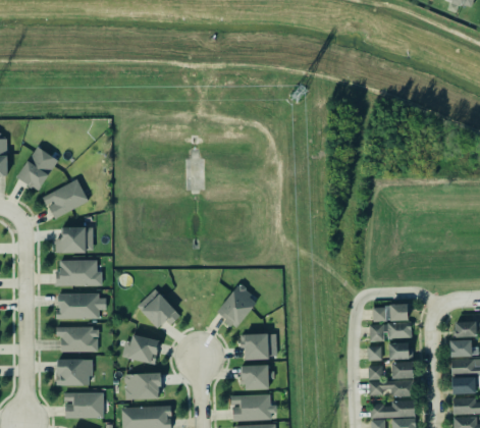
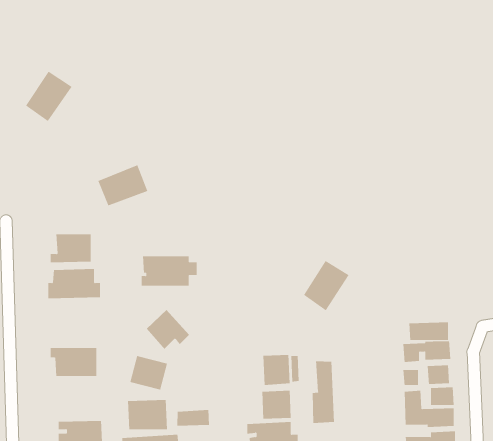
building: [17,147,59,192] -> [25,71,73,122]
building: [44,180,89,217] -> [97,165,148,206]
building: [218,284,259,329] -> [303,260,349,311]
building: [56,291,106,318] -> [141,256,198,286]
building: none -> [312,361,334,424]
building: [56,358,93,383] -> none
building: none -> [177,409,210,426]

